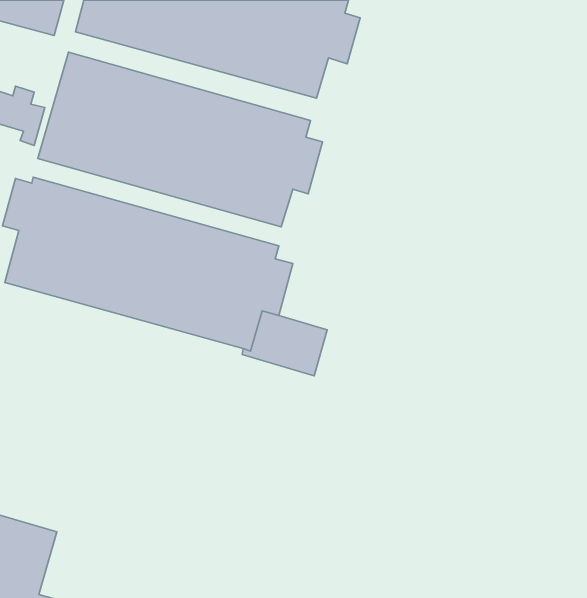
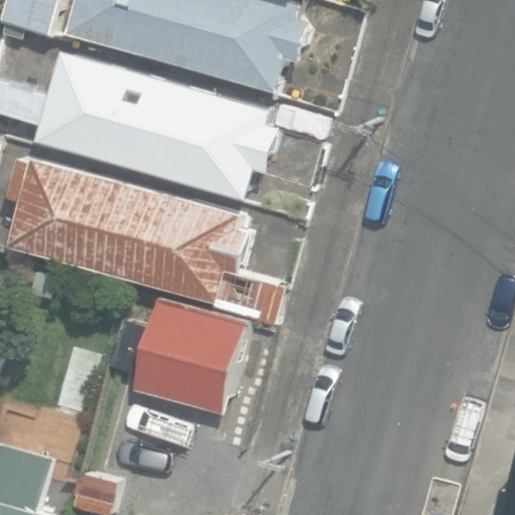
building: none -> [128,297,243,413]

